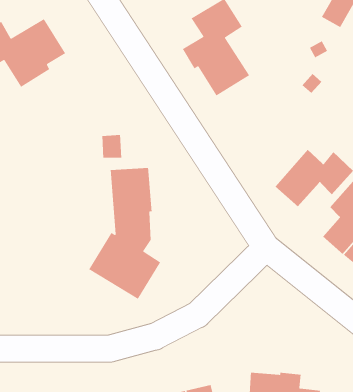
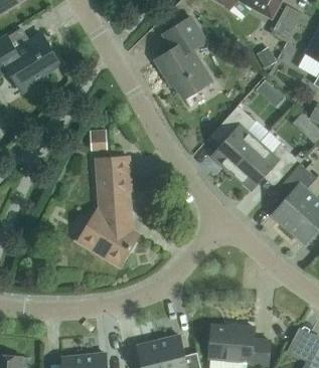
building: none -> [211,106,259,173]

